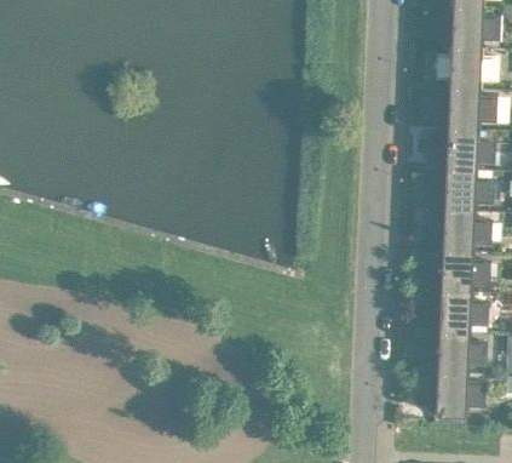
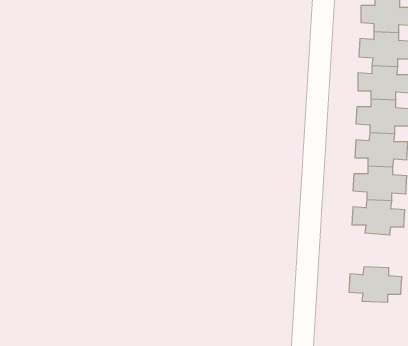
building: [425,292,489,335] -> none
building: [421,375,485,417] -> none

